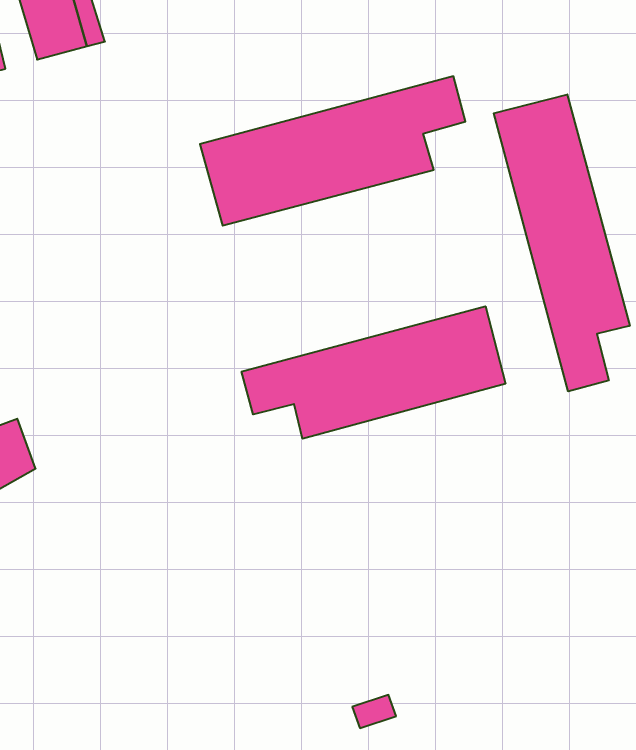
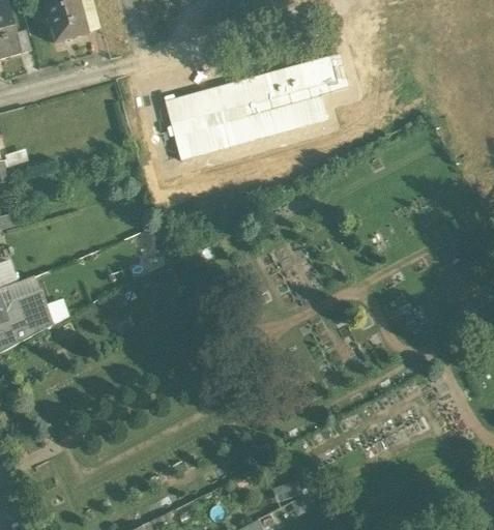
building: [494,94,630,391] -> none
building: [242,306,505,439] -> none

